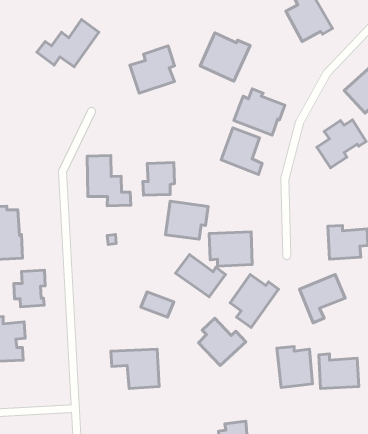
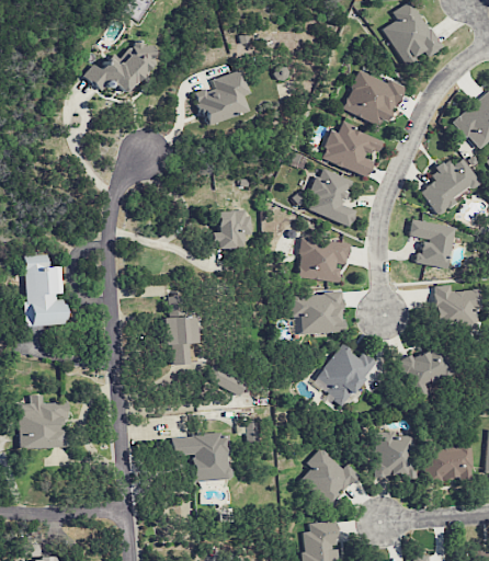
building: [200,33,250,81] -> [343,70,403,128]
building: [87,155,131,206] -> none
building: none -> [408,218,455,268]
building: [165,201,208,239] -> [298,237,350,283]
building: none -> [163,316,197,366]
building: [176,254,225,297] -> none
building: [14,270,45,307] -> none
building: [198,318,246,366] -> [303,448,360,505]

